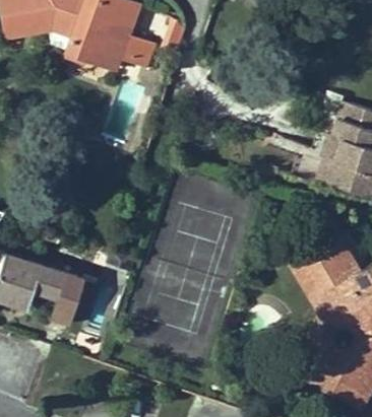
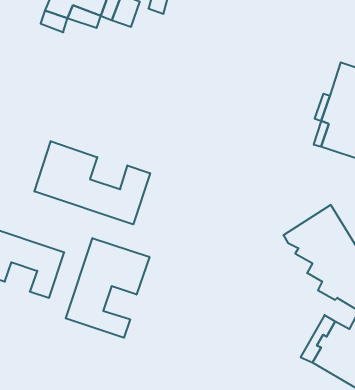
building: none -> [34,141,150,224]
building: none -> [66,238,149,338]

